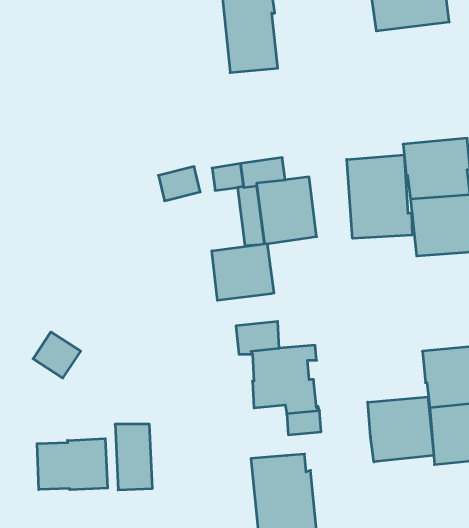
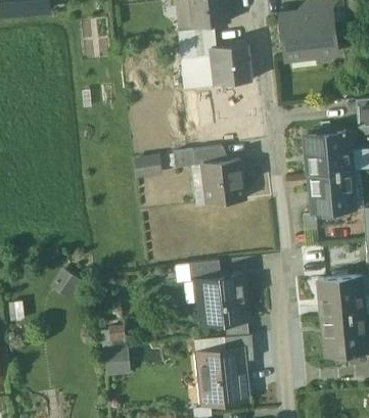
building: none -> [214,43,250,84]
building: [347,155,412,238] -> none
building: [212,244,274,300] -> none
building: [368,397,434,462] -> none
building: none -> [223,333,252,361]
building: [37,439,108,490] -> none

